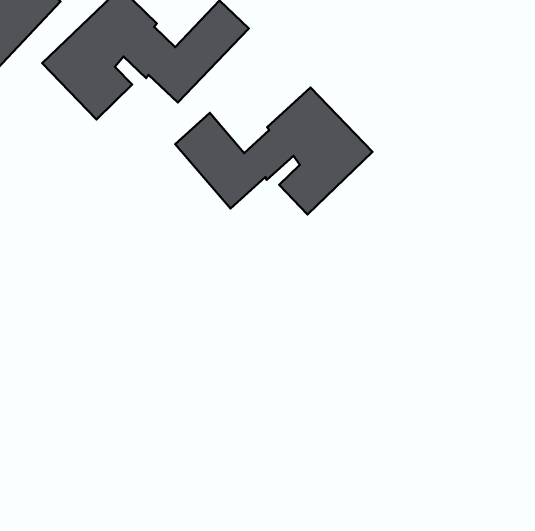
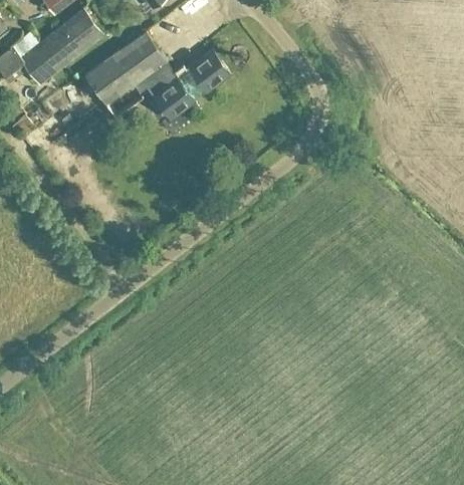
building: [175,87,373,215] -> none

